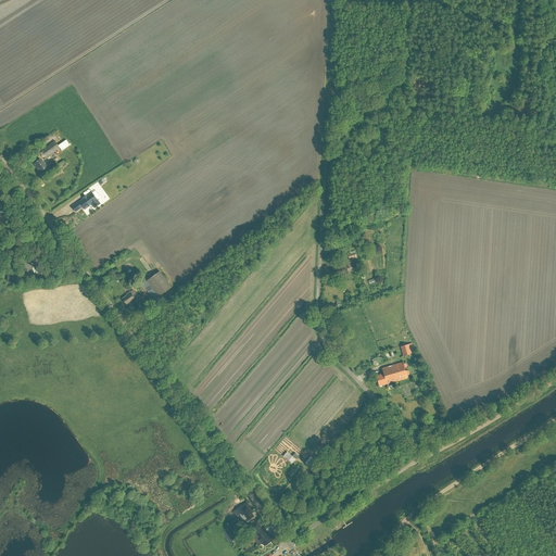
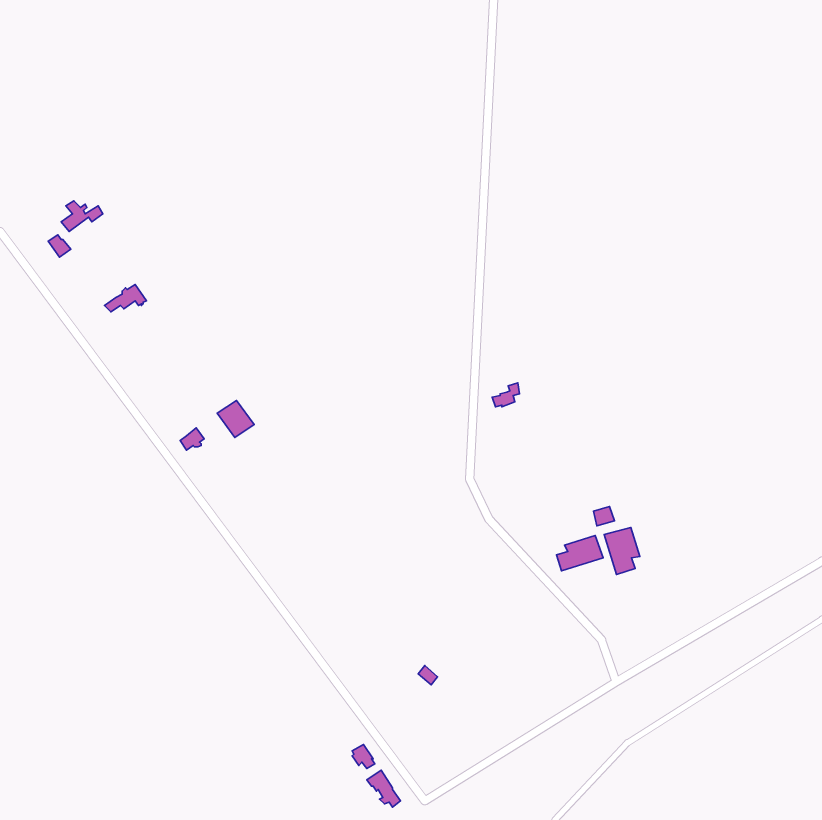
building: none -> [604,527,640,574]

